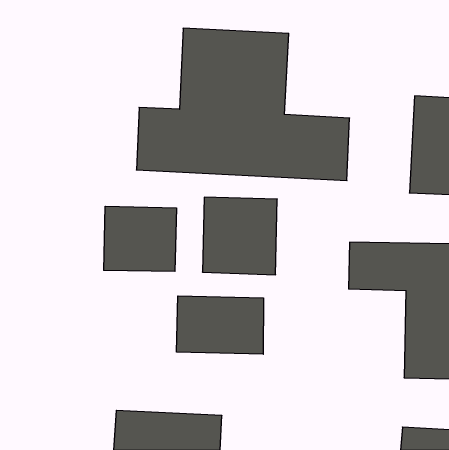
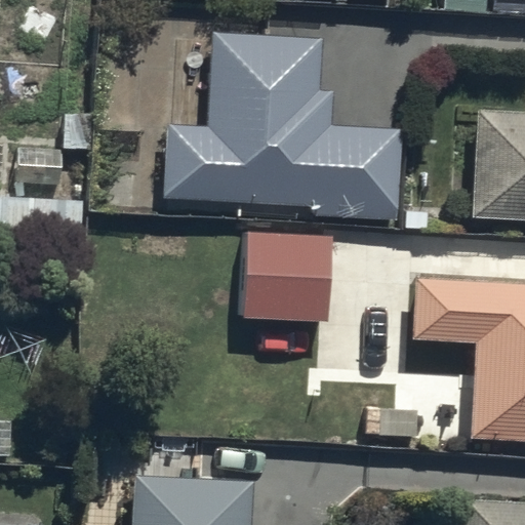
building: [104,206,176,271] -> none
building: [177,296,263,354] -> none

